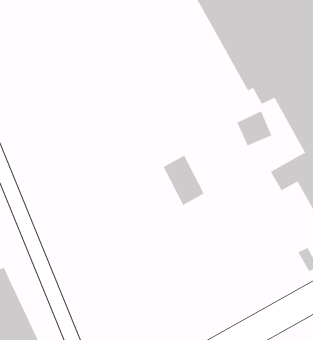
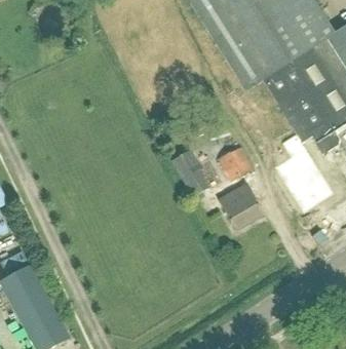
building: [236,110,272,146] -> [220,146,254,180]
building: none -> [219,183,264,229]

